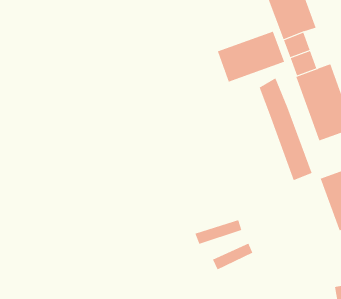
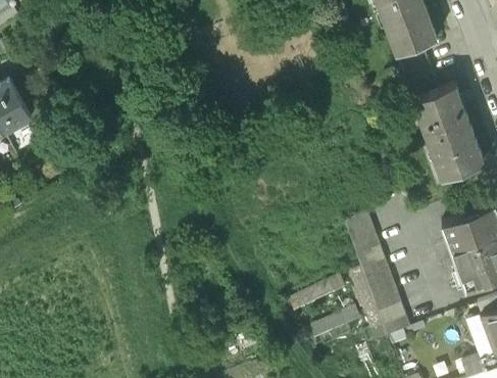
building: [217,31,285,83] -> none
building: [259,77,312,181] -> [344,210,409,337]

